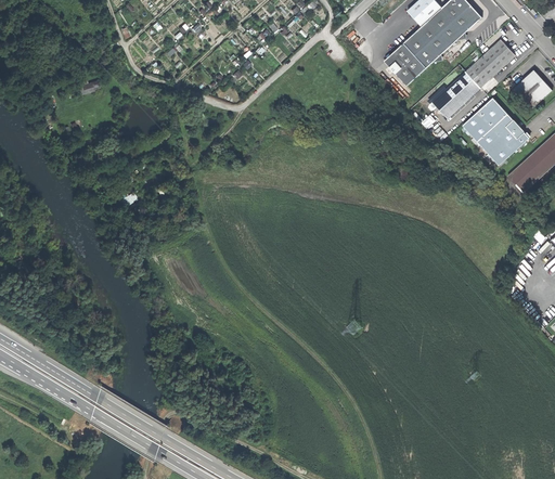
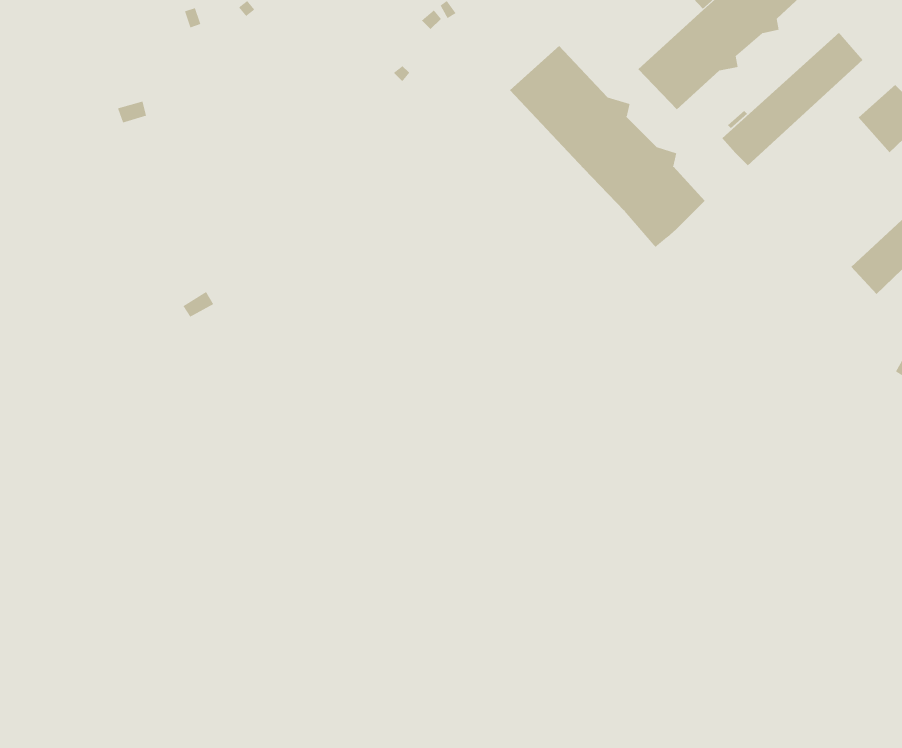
building: none -> [509,45,706,248]
building: [463,98,529,165] -> none

